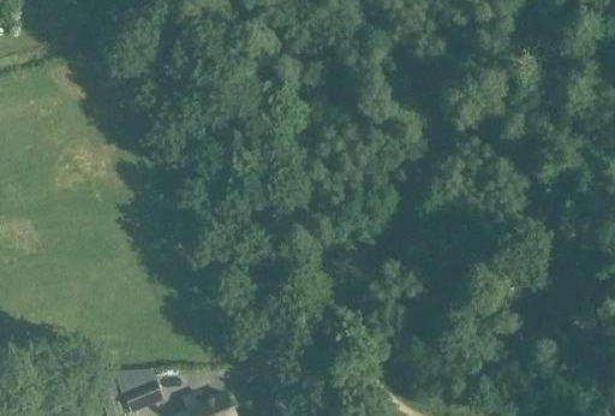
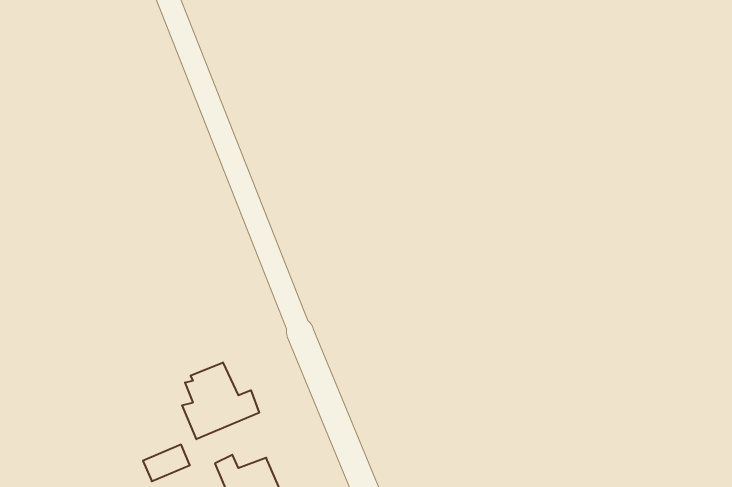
building: none -> [182,362,259,439]

